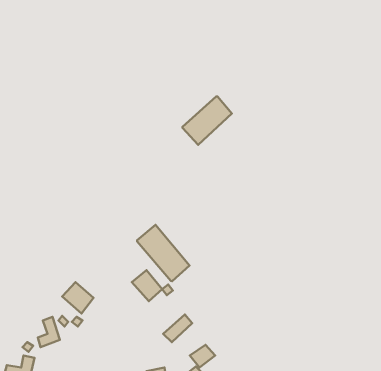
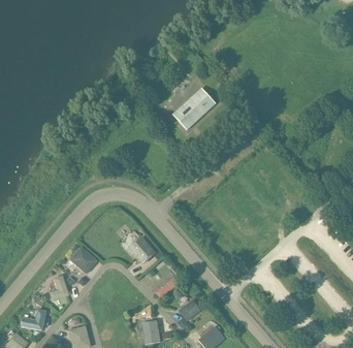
building: [137,225,189,281] -> none

